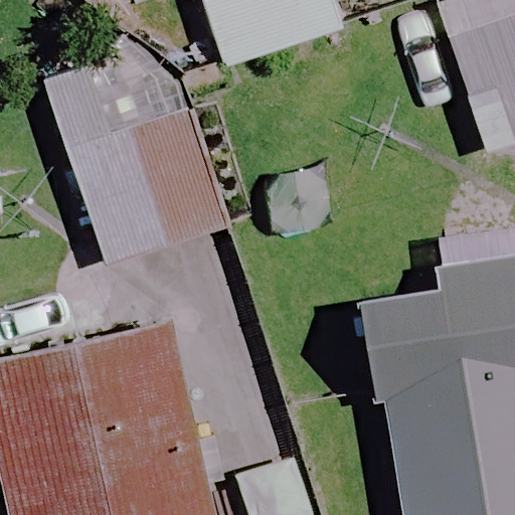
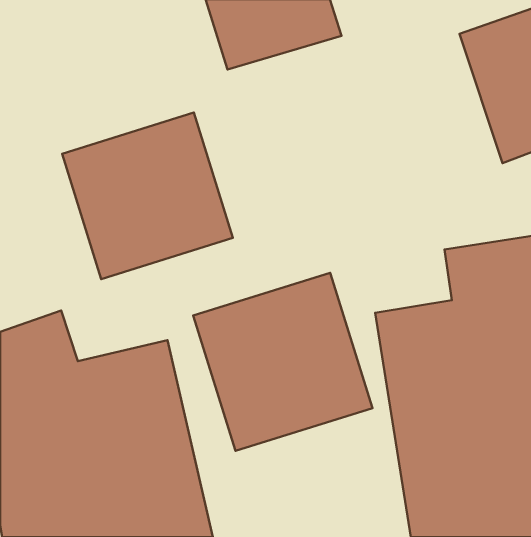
building: none -> [193,273,372,451]

